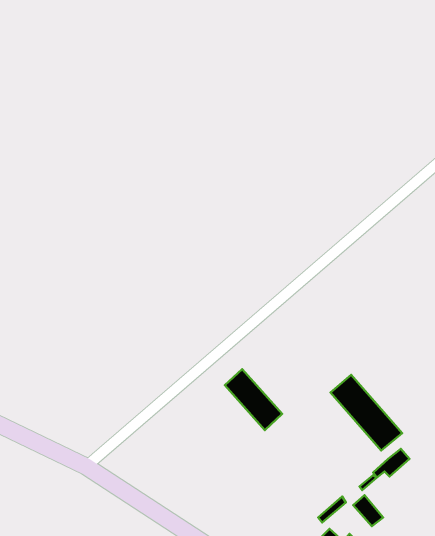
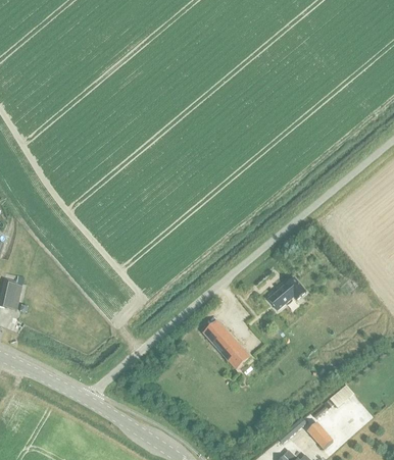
building: none -> [268,276,306,309]
building: [330,375,402,450] -> none

